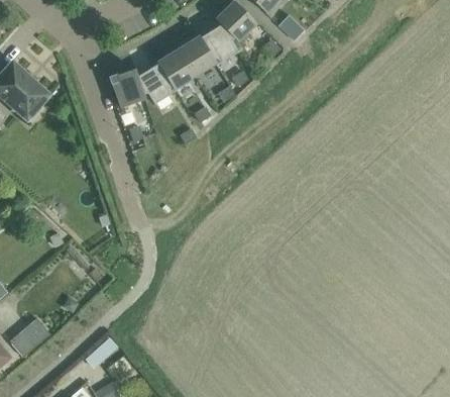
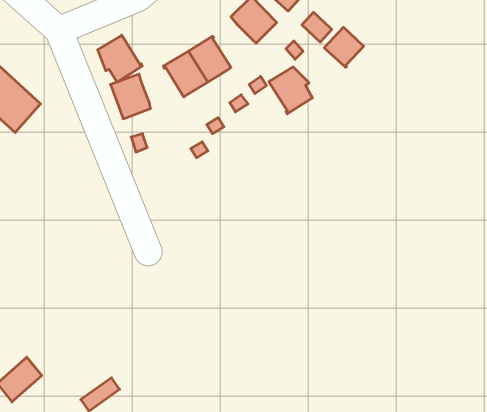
building: [200,24,238,66] -> [269,67,312,114]
building: none -> [324,27,364,67]
building: [137,63,177,104] -> [98,35,142,82]

